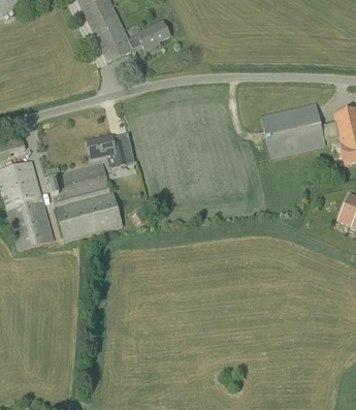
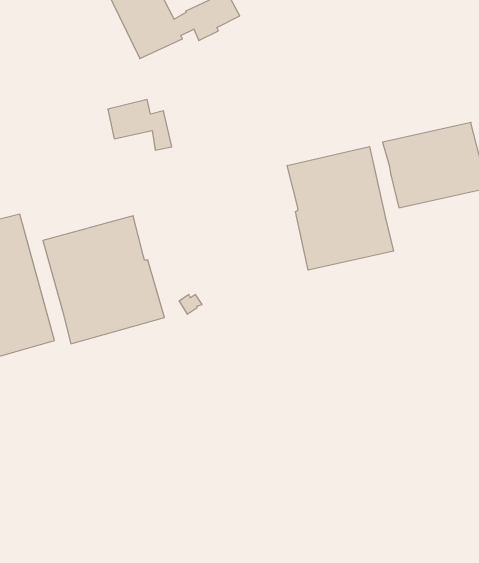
building: none -> [287,147,394,270]
building: [87,133,127,165] -> [108,99,172,150]

